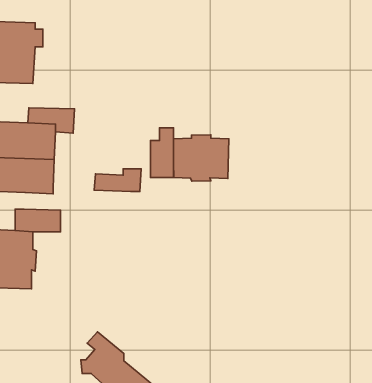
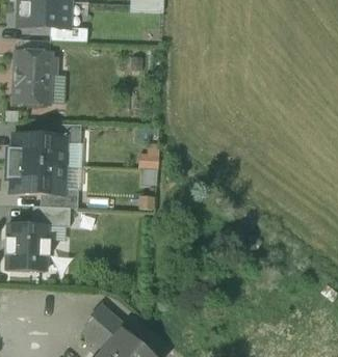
building: [173,135,229,181] -> none
building: [94,169,141,192] -> [41,188,79,207]

